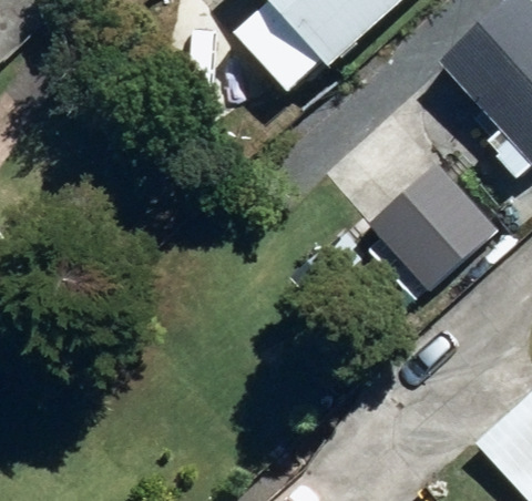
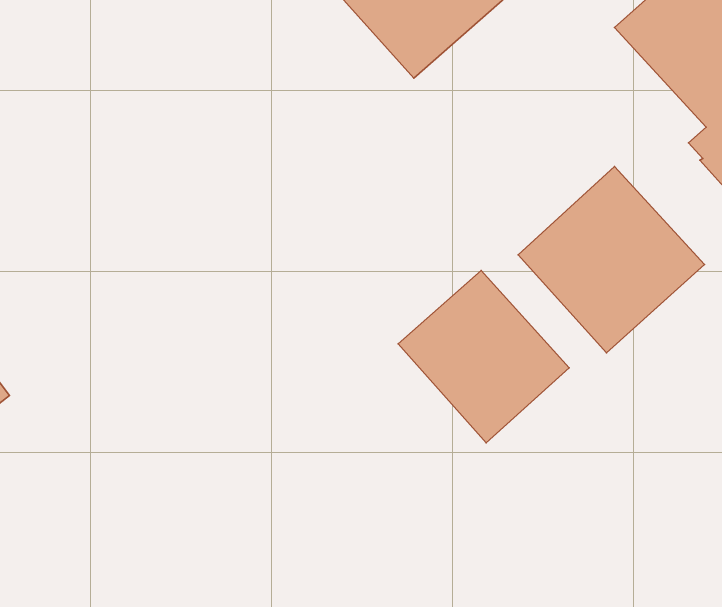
building: none -> [398,270,569,443]

